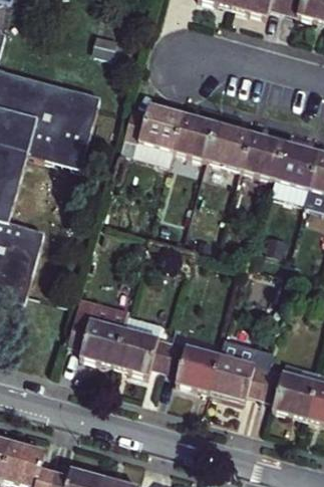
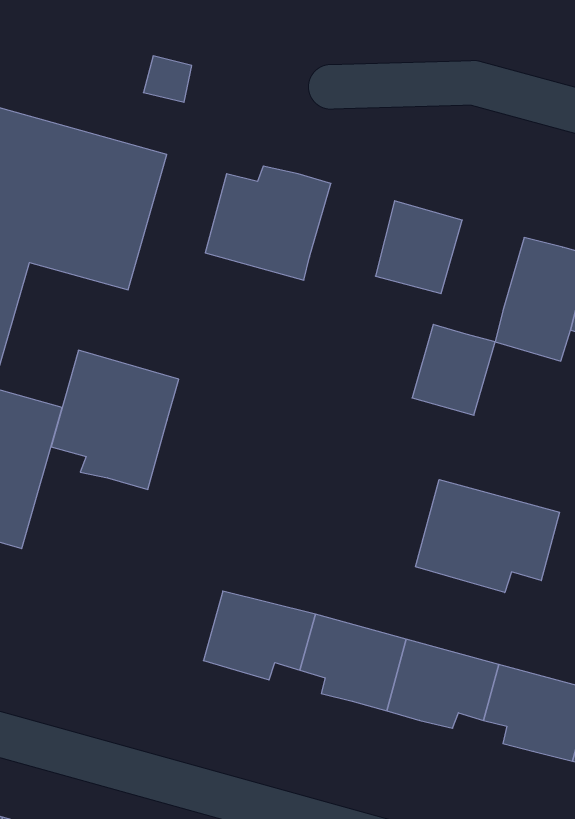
building: [175,113,219,162] -> none
building: [243,133,286,180] -> [412,324,495,415]
building: none -> [416,480,559,593]
building: [69,289,135,361] -> [51,350,179,489]

